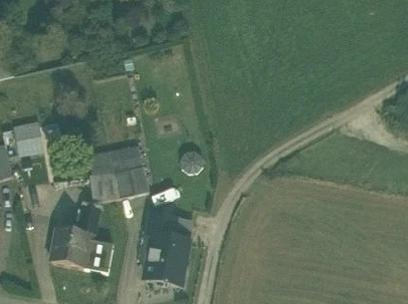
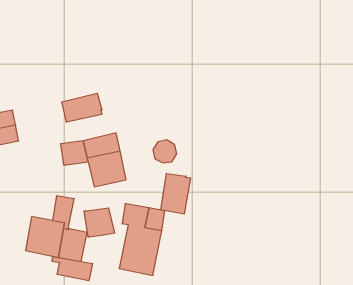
building: none -> [62,93,102,122]
building: [88,172,120,201] -> [84,208,115,237]
building: none -> [161,173,191,214]
building: none -> [52,257,92,281]

